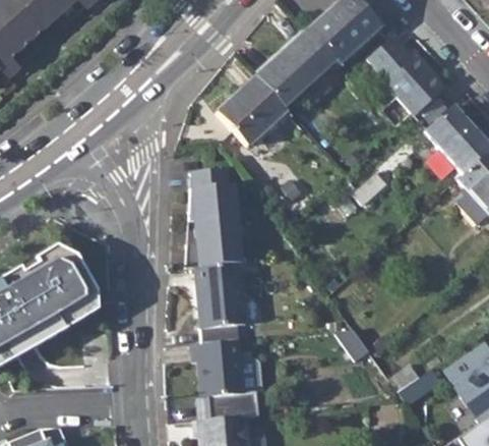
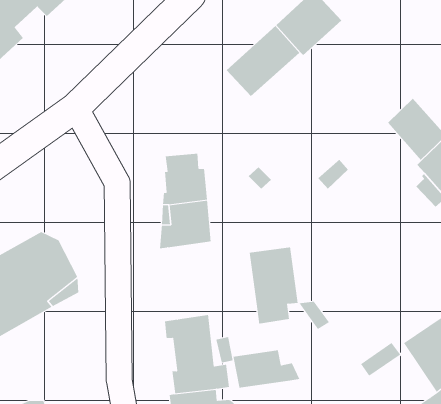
building: [366,41,442,119] -> none
building: [218,78,286,147] -> none
building: [193,262,246,344] -> [249,247,298,324]
building: none -> [233,349,300,389]

